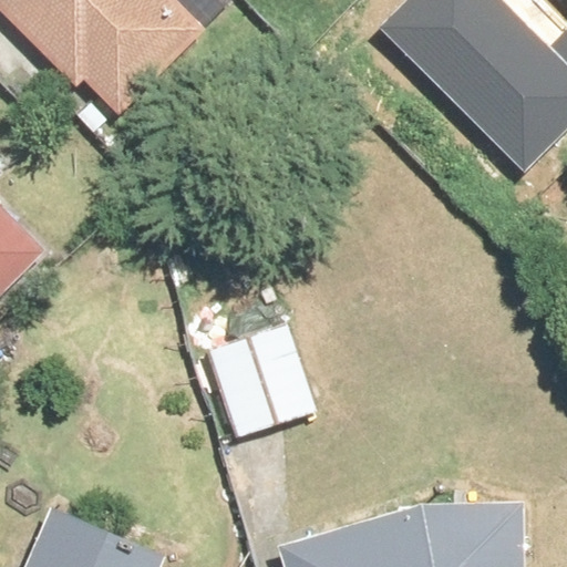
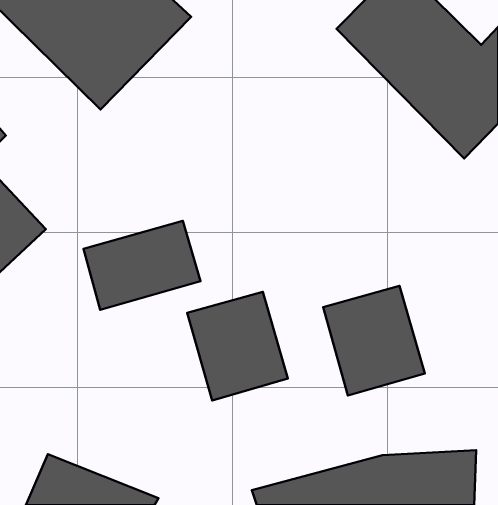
building: none -> [83,221,201,310]
building: none -> [323,286,425,396]

